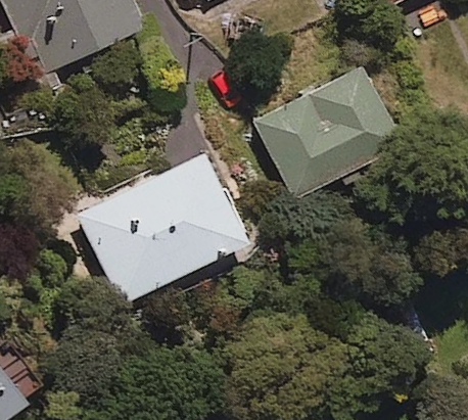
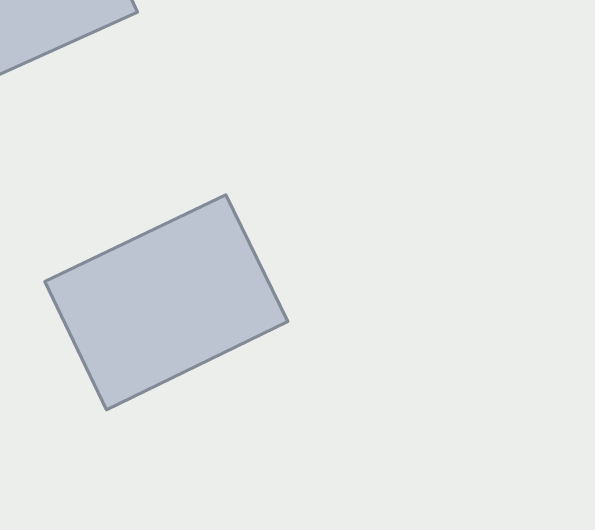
building: [254,68,399,198] -> none

